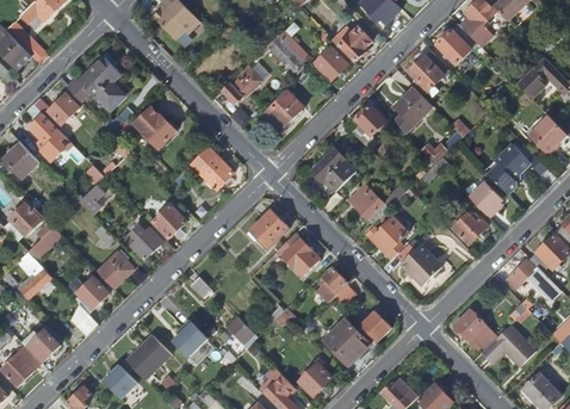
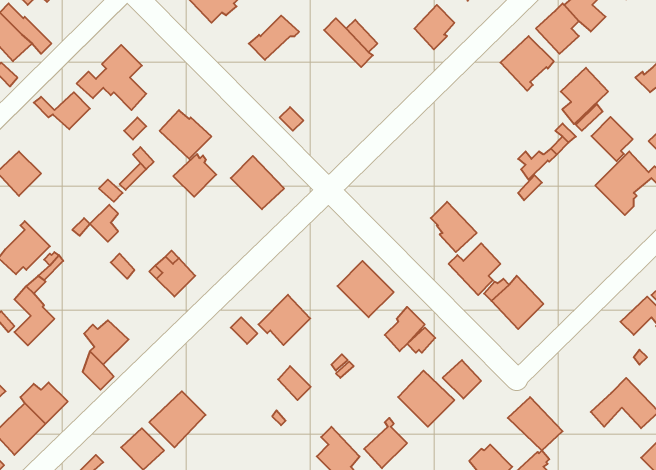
building: [312,45,347,80] -> none
building: [221,66,261,101] -> [249,16,299,60]
building: [395,86,433,131] -> [561,68,608,124]
building: [264,88,303,129] -> none
building: [26,103,64,157] -> none
building: [352,104,386,148] -> none
building: [312,147,357,191] -> none
building: [469,180,502,216] -> [591,117,633,161]
building: [151,203,186,237] -> [173,154,216,197]
building: [247,209,289,249] -> [258,295,310,345]
building: [452,211,488,243] -> none
building: [97,252,135,289] -> none
building: [453,309,497,352] -> [508,397,563,450]
building: [172,320,207,358] -> none

